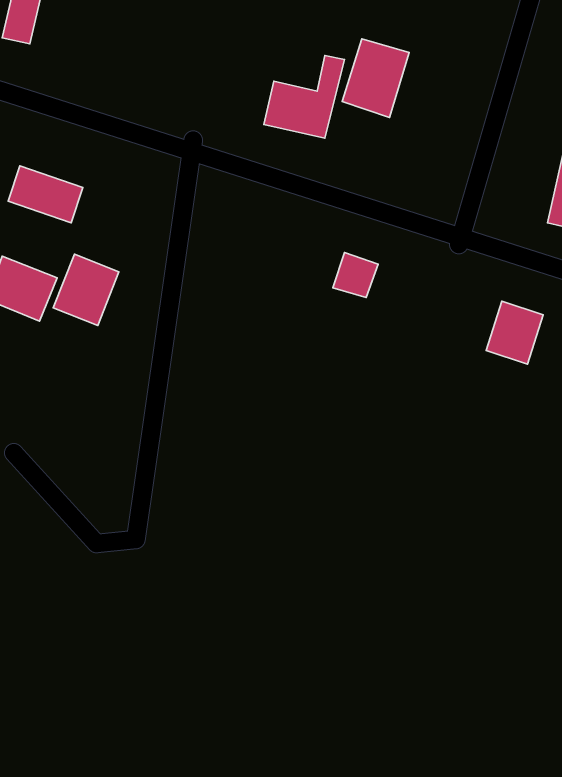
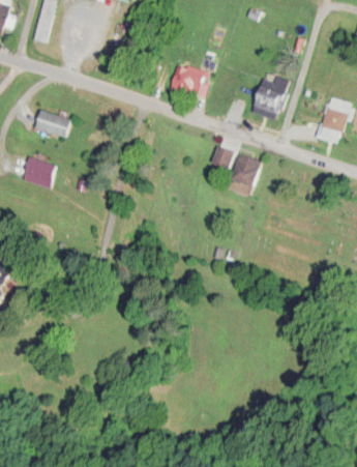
building: [342,39,409,117] -> [249,72,285,114]
building: [53,254,119,326] -> none
building: [486,301,543,364] -> [227,163,257,196]

